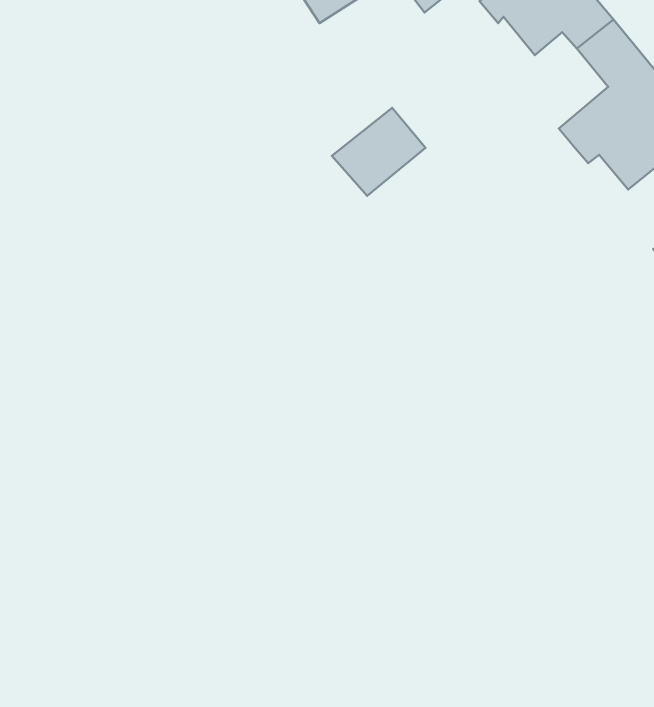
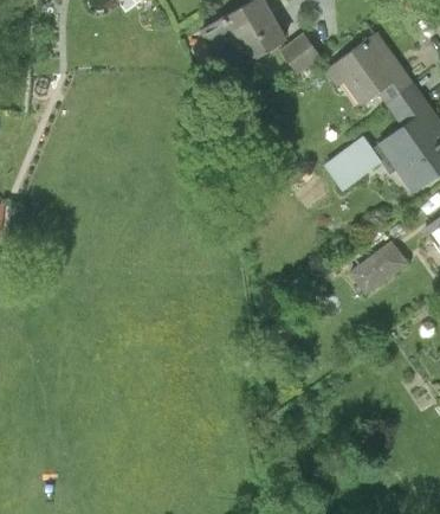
building: [332,108,426,196] -> [325,135,383,188]
building: none -> [364,243,407,284]

